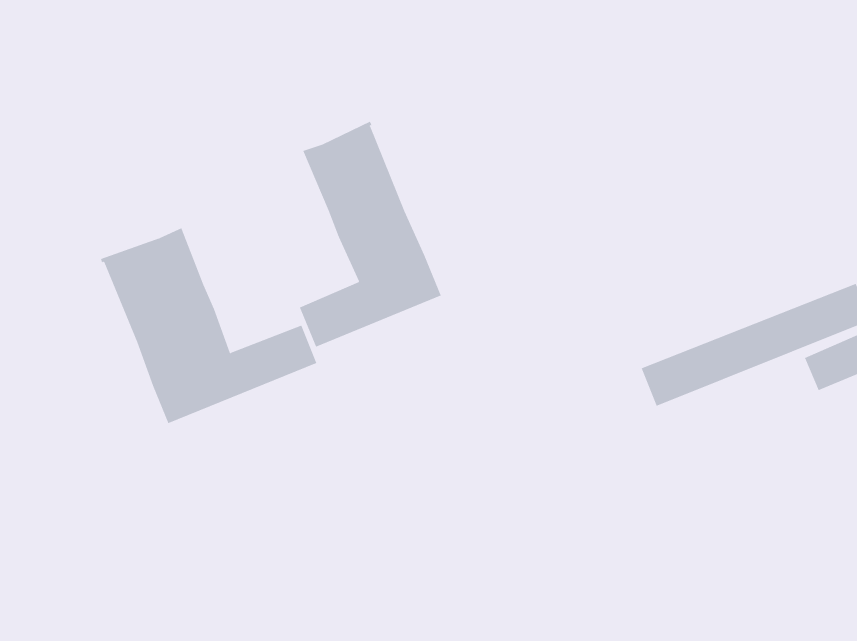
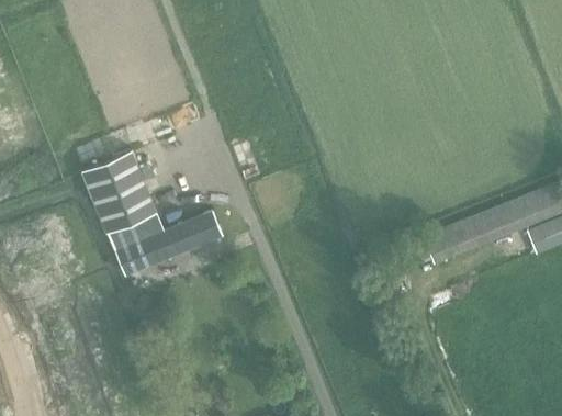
building: [299,121,442,347] -> none

